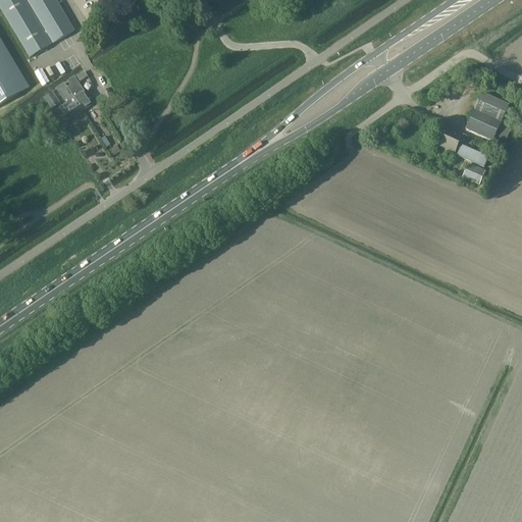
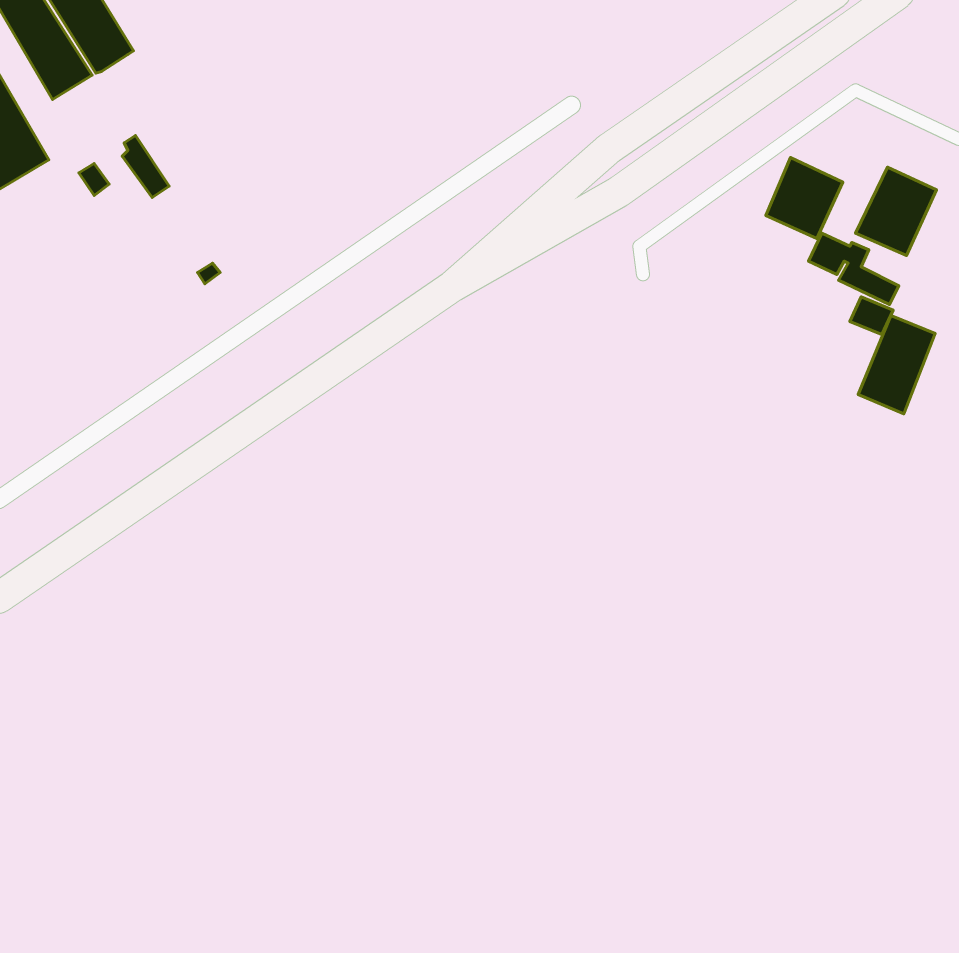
building: [55,81,83,117] -> none
building: none -> [766,158,843,239]
building: none -> [858,316,935,414]

